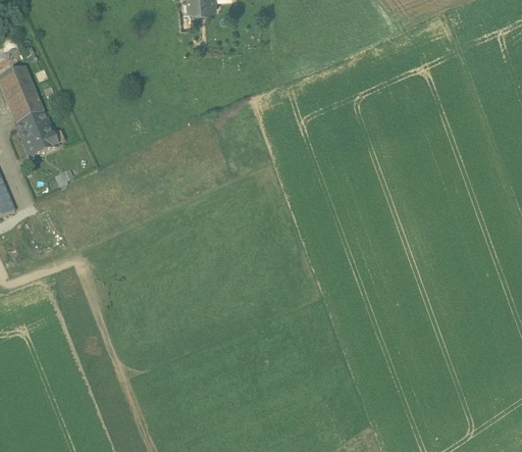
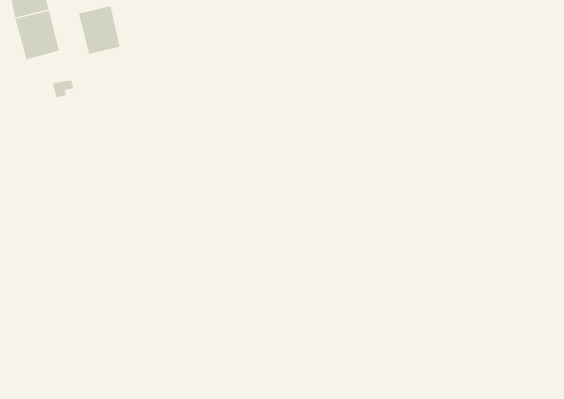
building: none -> [78,5,120,55]

